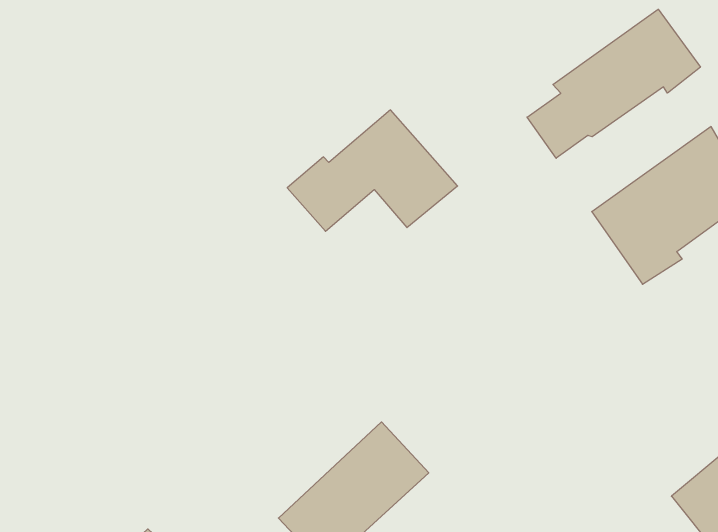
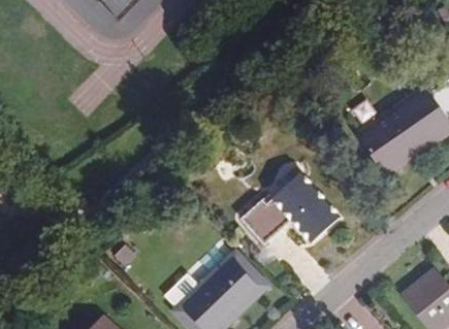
building: [527,9,700,158] -> none
building: [287,110,458,231] -> [242,172,339,241]

